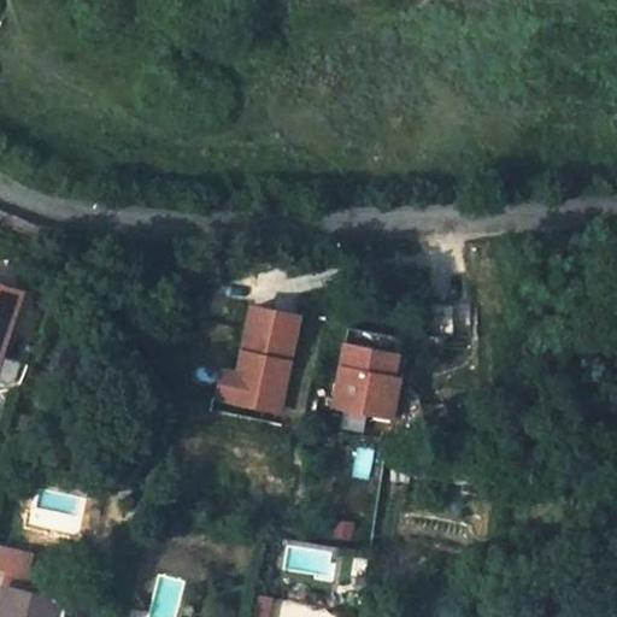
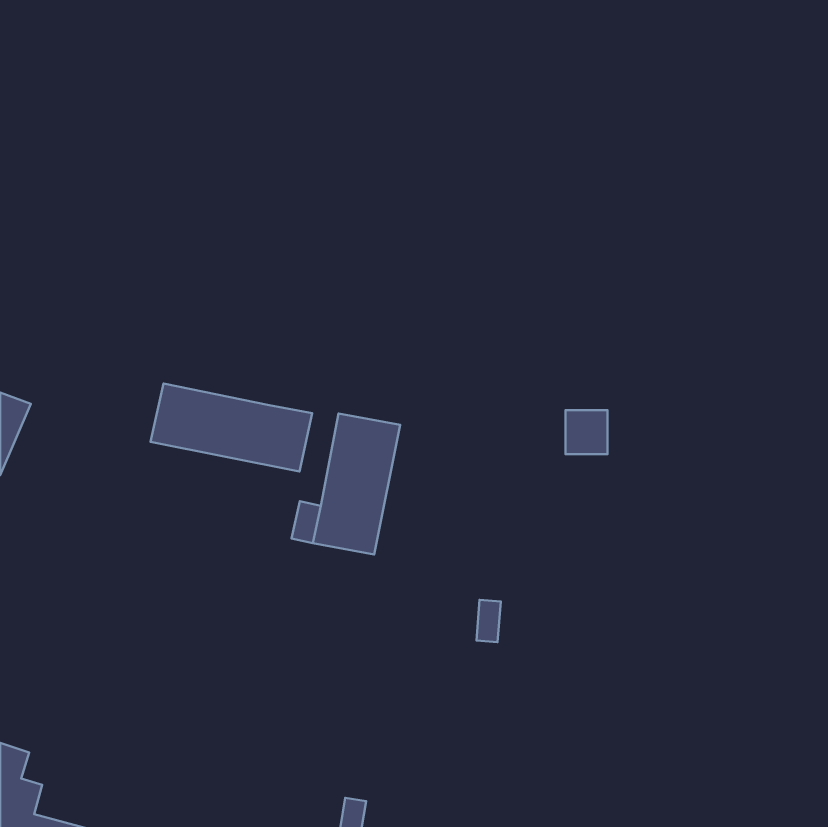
building: none -> [151,383,312,472]
building: [334,328,400,417] -> none

